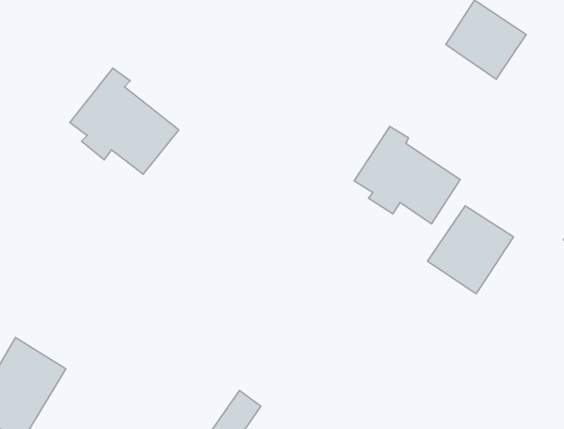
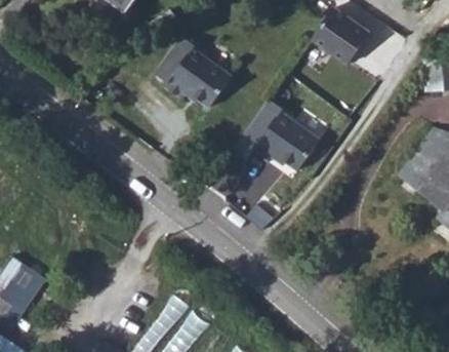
building: [70,68,179,174] -> [162,34,240,110]
building: [428,206,513,294] -> none

